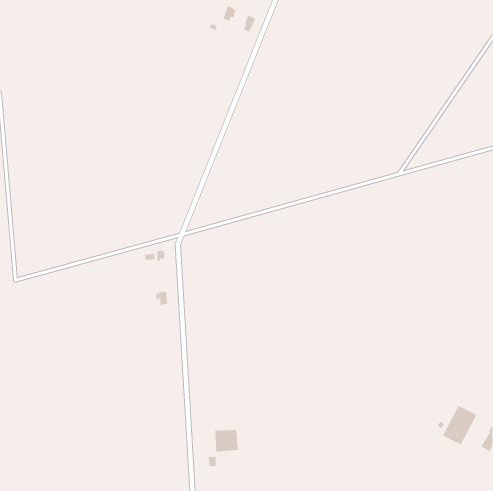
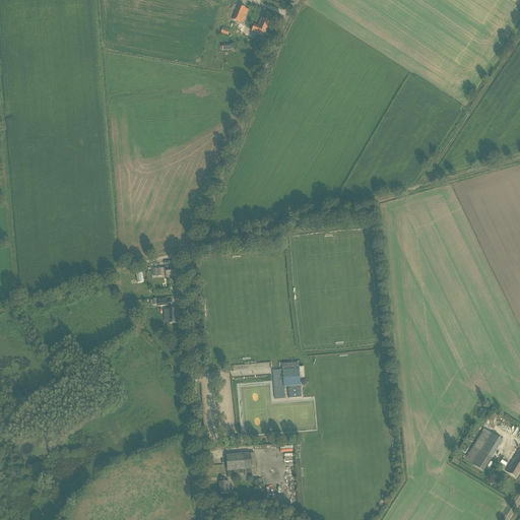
building: none -> [272,365,303,397]

